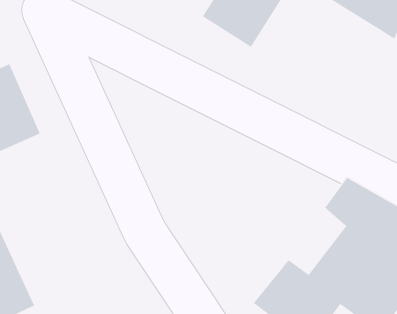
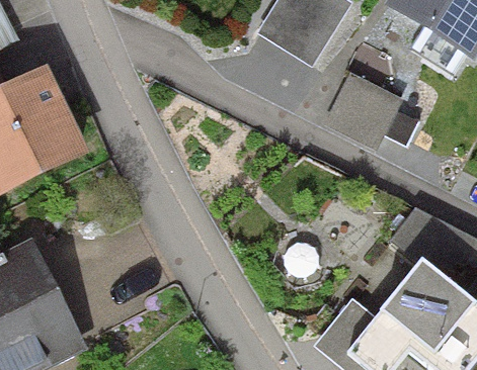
building: none -> [325,73,403,149]

